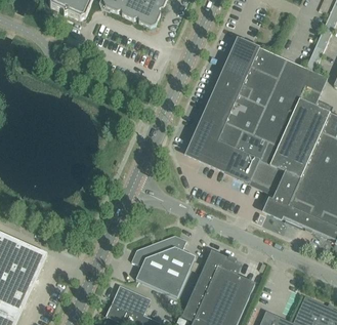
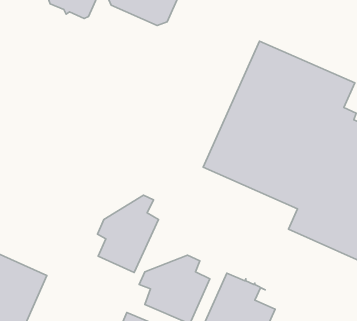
building: none -> [97,195,159,272]

